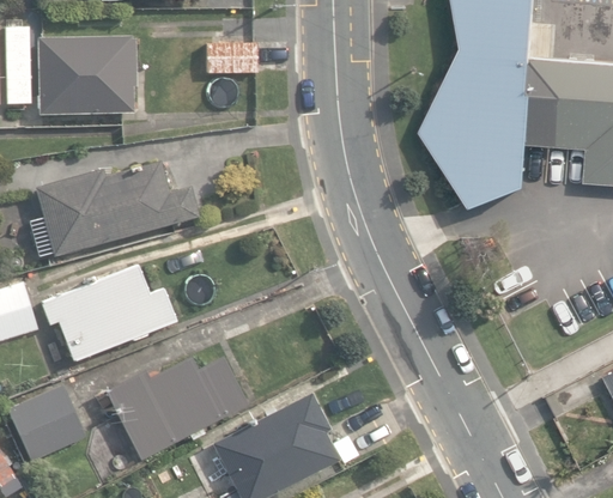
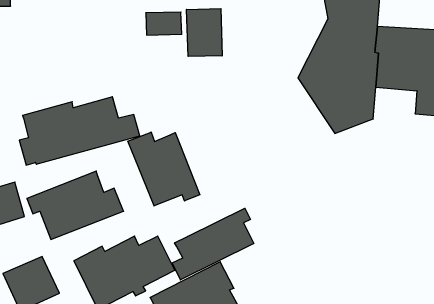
building: [36,36,138,115] -> none
building: none -> [187,9,222,56]
building: none -> [128,132,200,206]
building: none -> [172,208,254,280]

